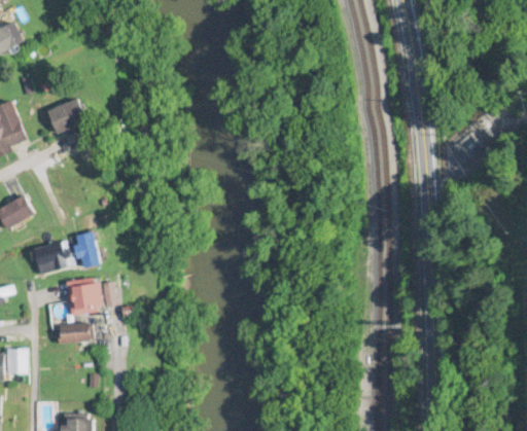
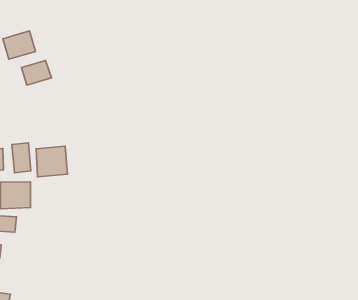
building: none -> [21,60,51,85]
building: none -> [36,146,67,177]

